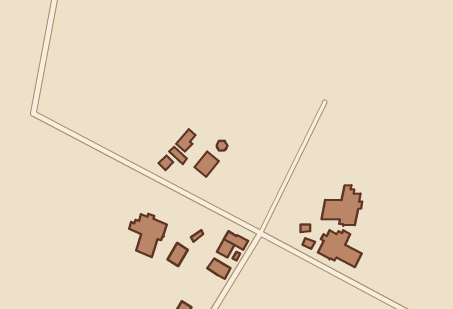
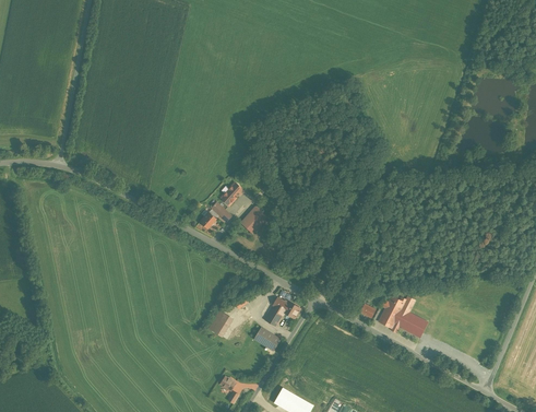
building: [321,185,362,226] -> none
building: [129,214,167,257] -> none

